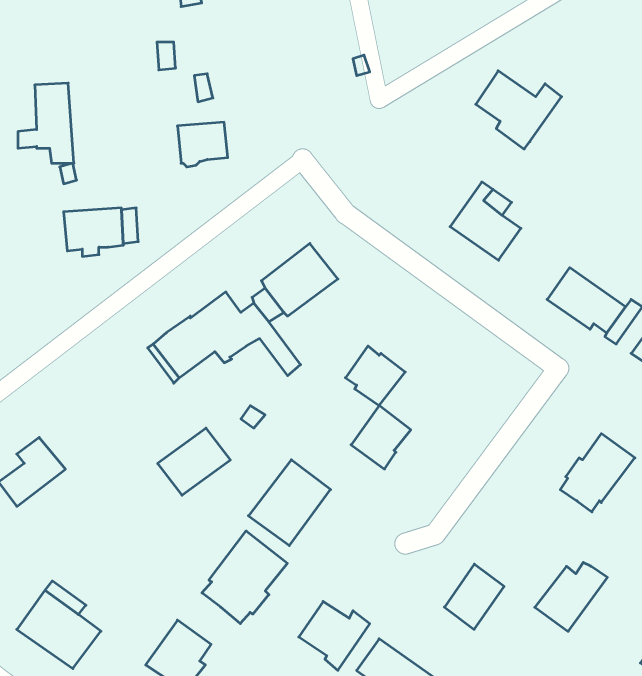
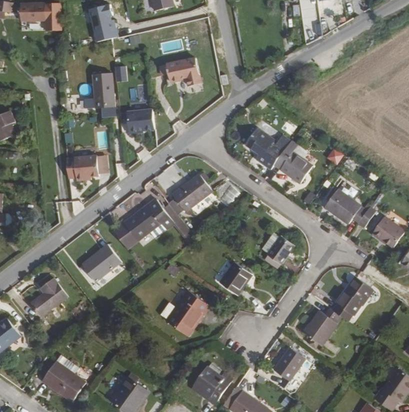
building: none -> [168,57,201,85]
building: [476,71,562,149] -> [244,127,290,169]
building: [18,83,74,163] -> [84,72,114,115]
building: [345,346,405,406] -> [264,231,296,263]
building: [158,428,230,495] -> [80,245,119,281]
building: [202,531,287,624] -> none
building: [535,562,607,631] -> [302,304,341,341]

